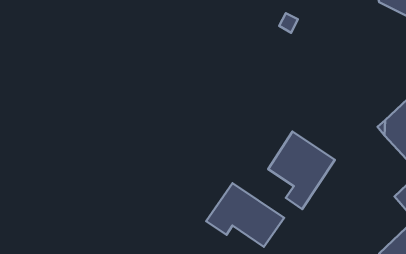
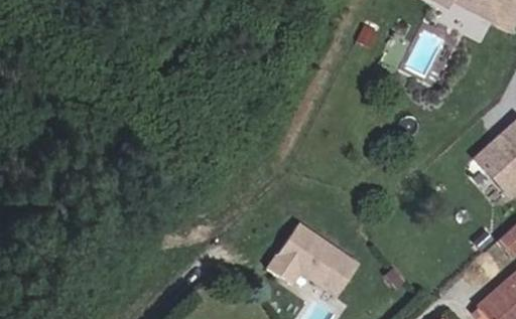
building: [268,131,335,209] -> none

